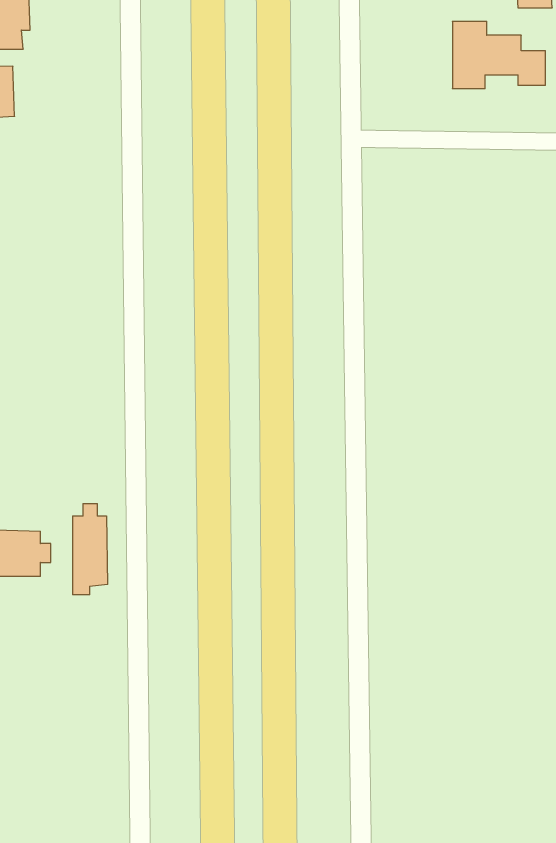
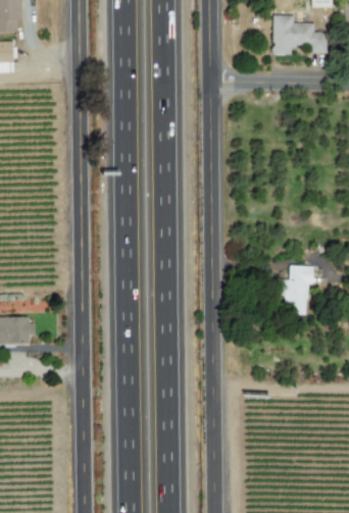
building: none -> [282,265,313,313]
building: [73,504,108,595] -> none

